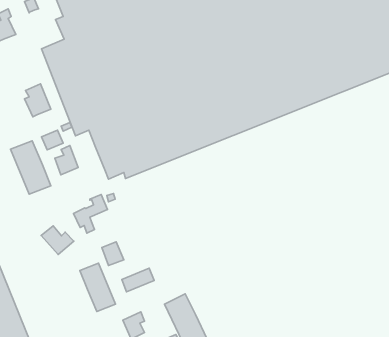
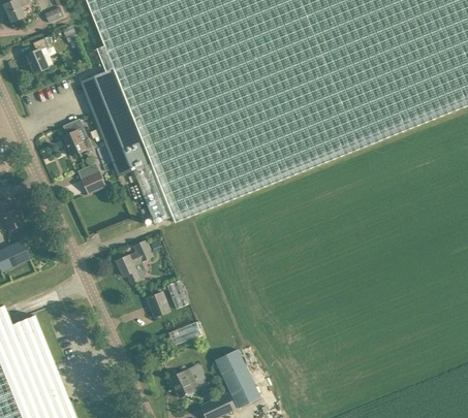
building: [11,141,51,194] -> none
building: [55,146,78,175] -> none
building: [41,226,74,255] -> none
building: [80,263,115,311] -> none

